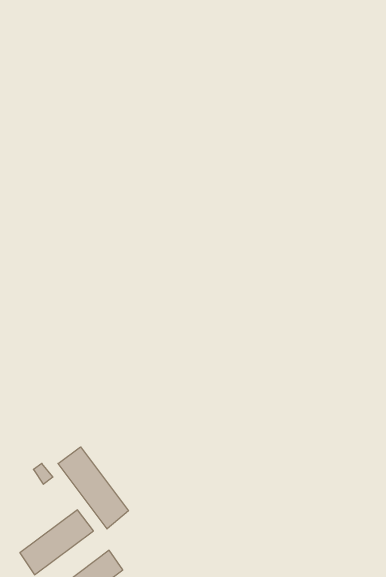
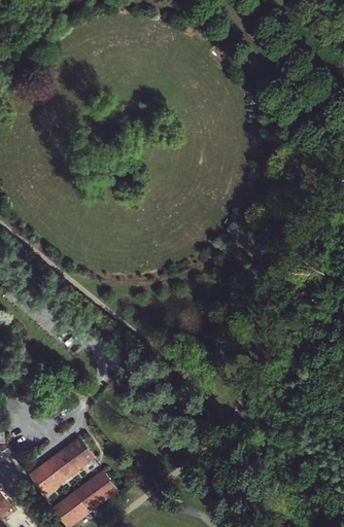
building: [58,447,128,529] -> none

